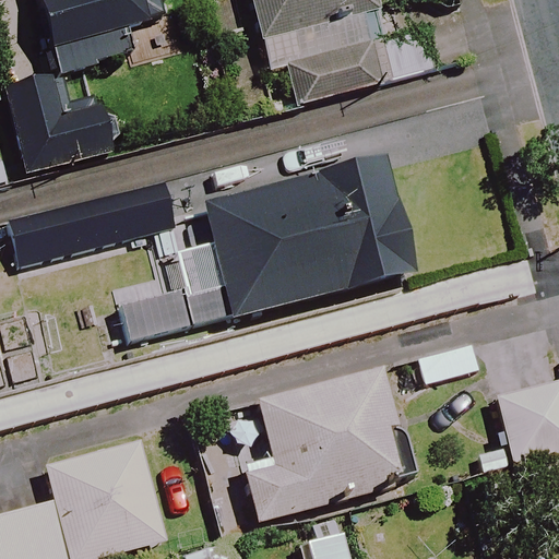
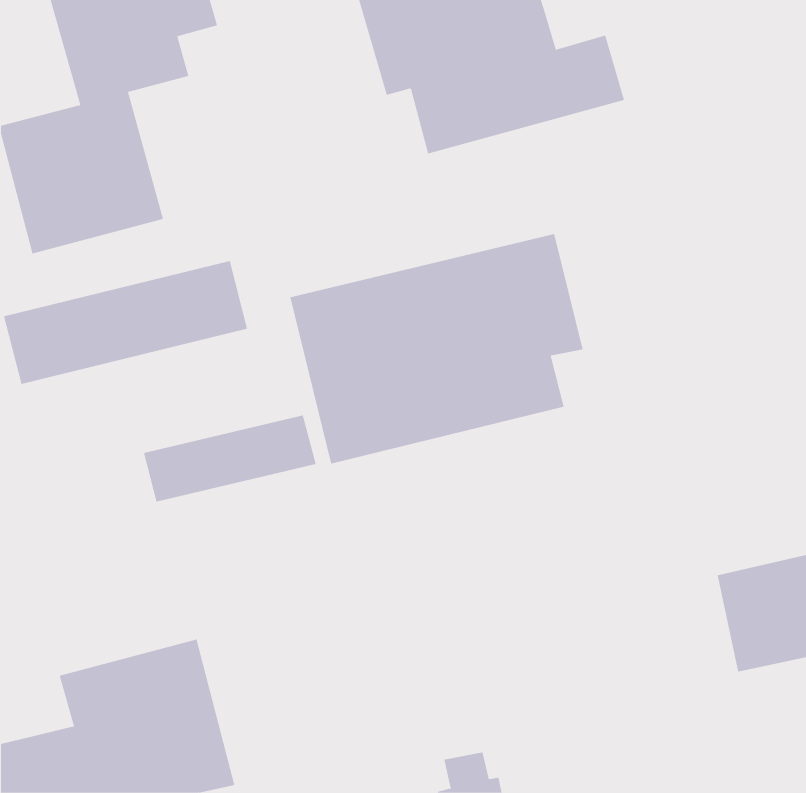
building: [242,366,412,520] -> none

